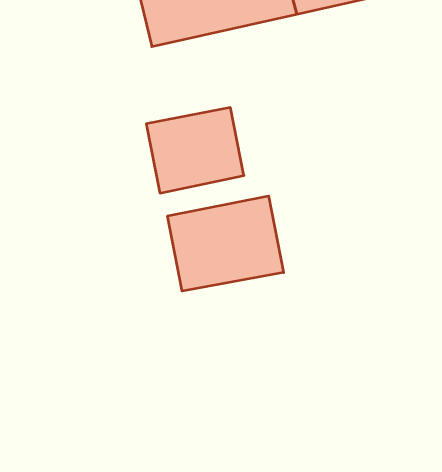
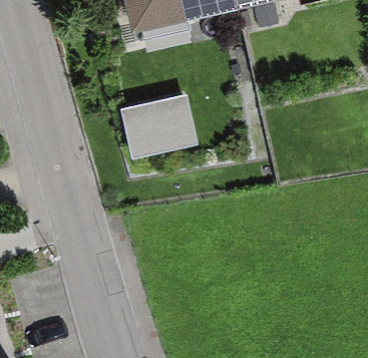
building: [168,196,284,291] -> none

